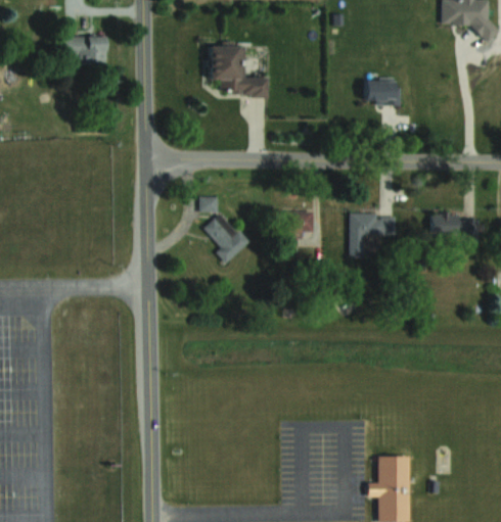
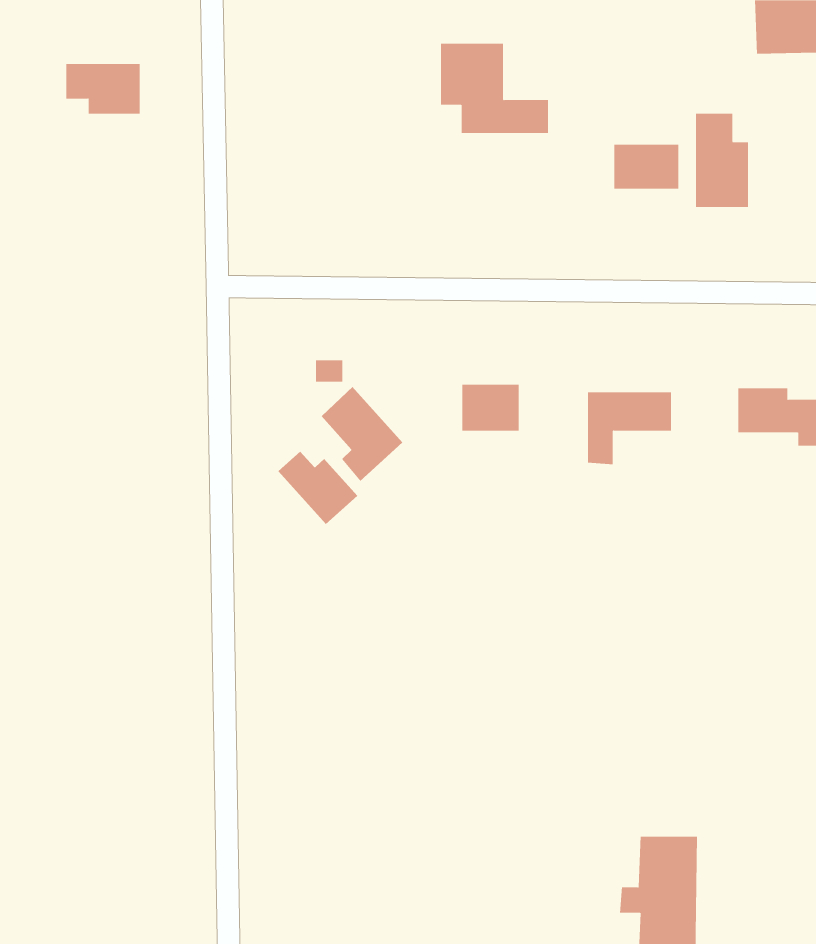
building: [209,46,268,95] -> [440,43,549,133]
building: none -> [695,113,749,208]
building: none -> [277,451,358,525]

